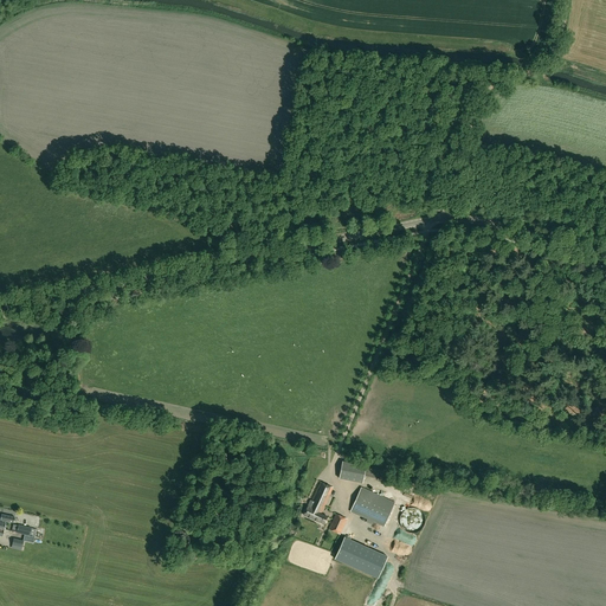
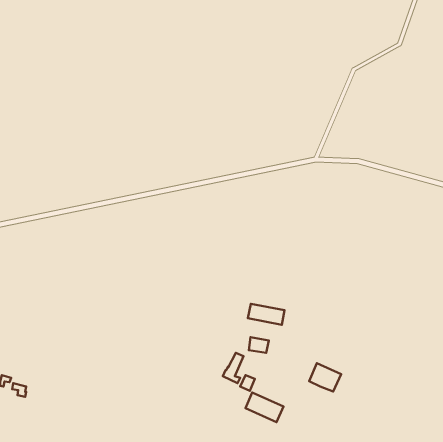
building: none -> [248,304,285,325]
building: [352,486,395,526] -> [309,363,341,392]

